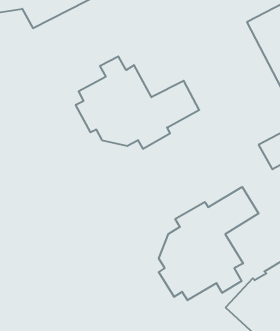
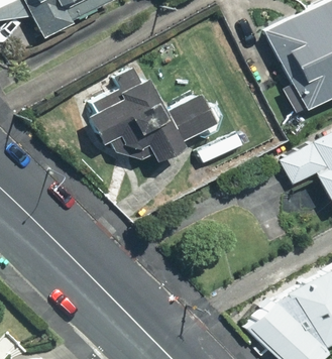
building: [159,187,259,300] -> none

